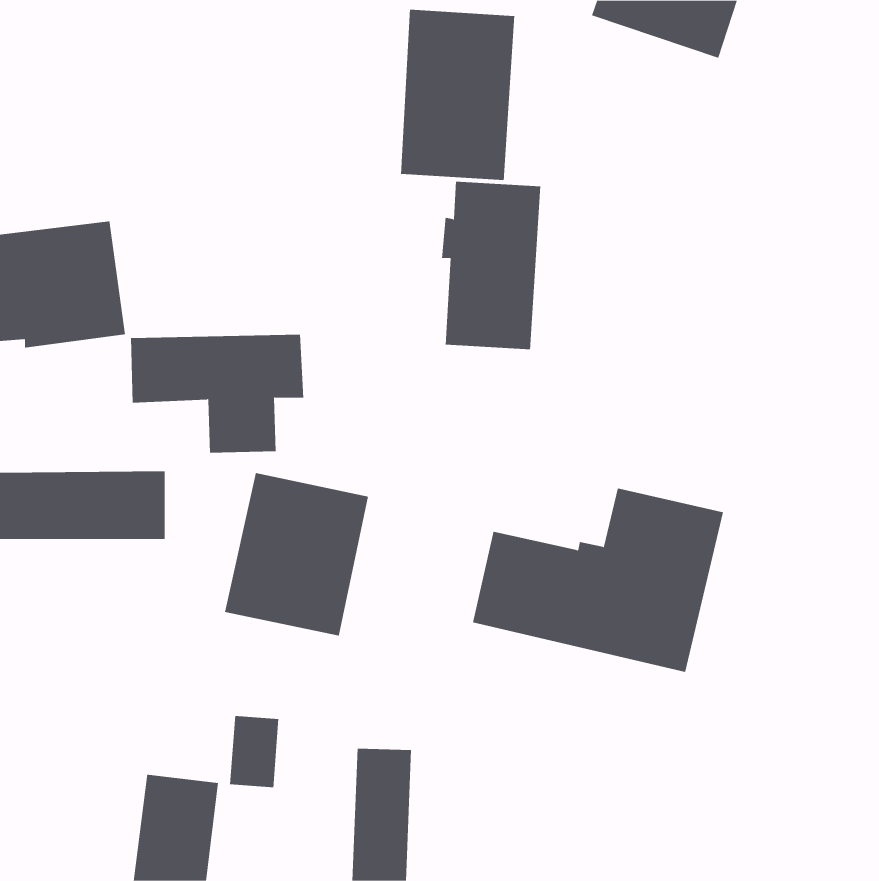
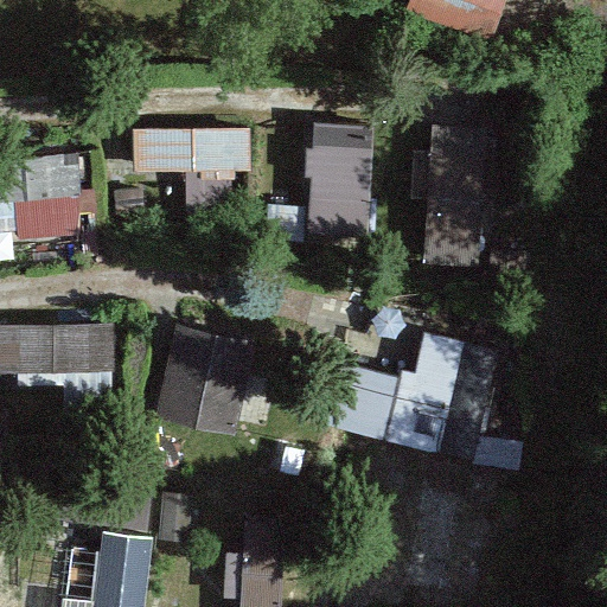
building: [400,9,515,181] -> none
building: none -> [420,127,499,268]
building: [130,334,304,453] -> [130,127,250,209]

